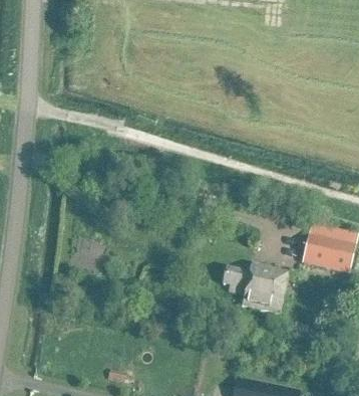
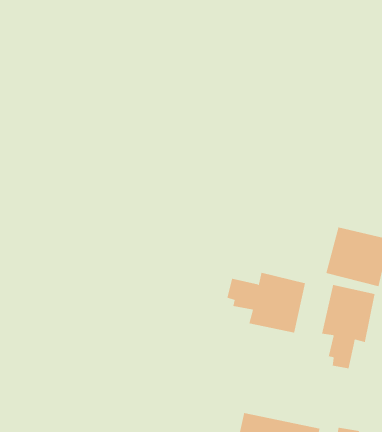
building: none -> [321,284,375,369]

